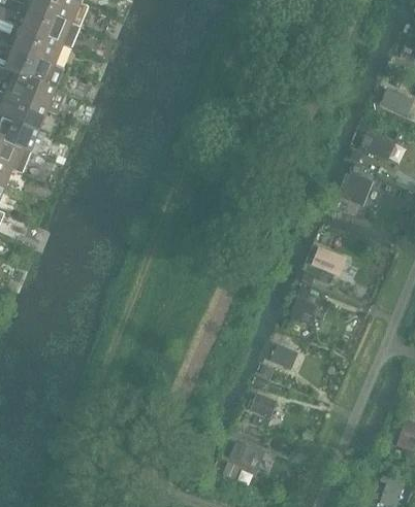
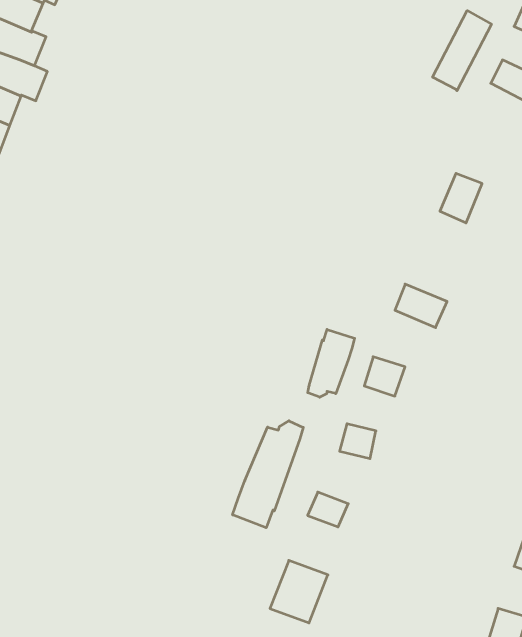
building: none -> [433,11,491,91]
building: [357,131,393,160] -> none
building: none -> [308,329,355,397]
building: none -> [233,421,303,528]

